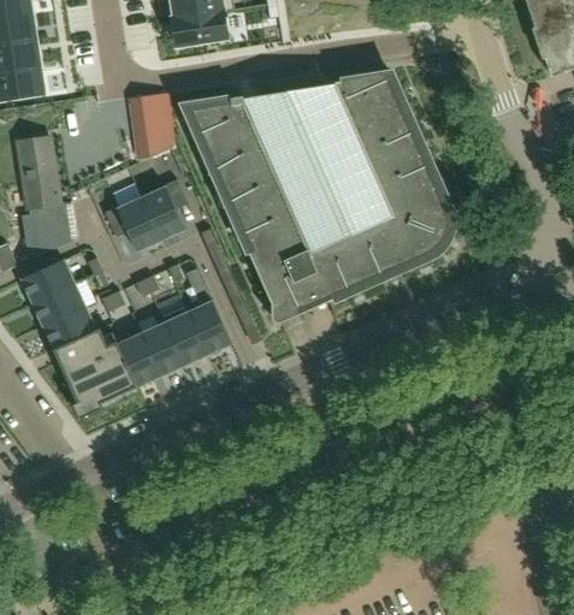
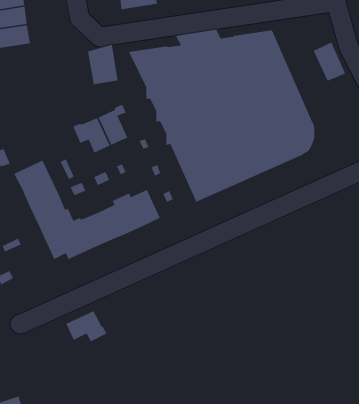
building: none -> [312,41,346,82]
building: [18,136,71,260] -> none
building: none -> [65,310,108,343]

